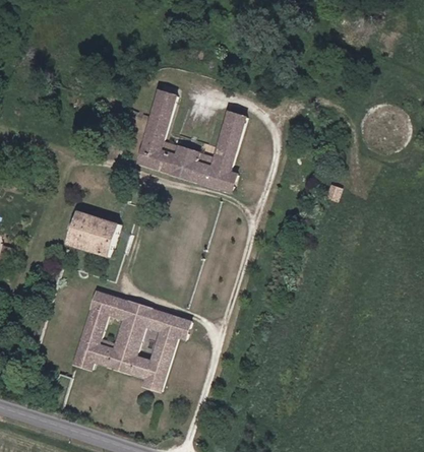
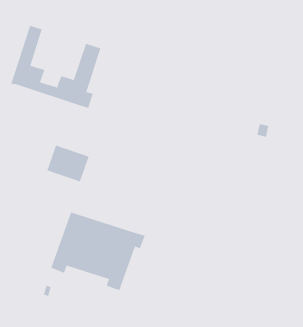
building: [135,89,247,192] -> [10,25,101,108]

